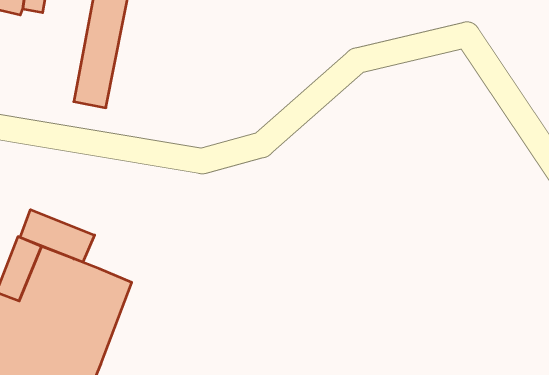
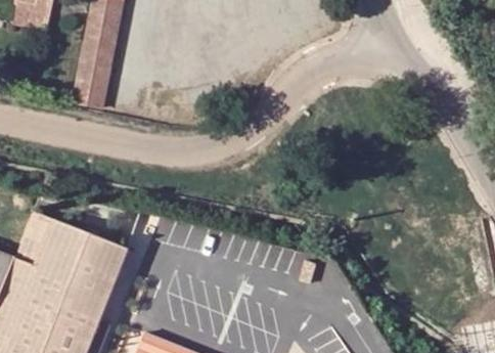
building: [20,210,95,262] -> none

